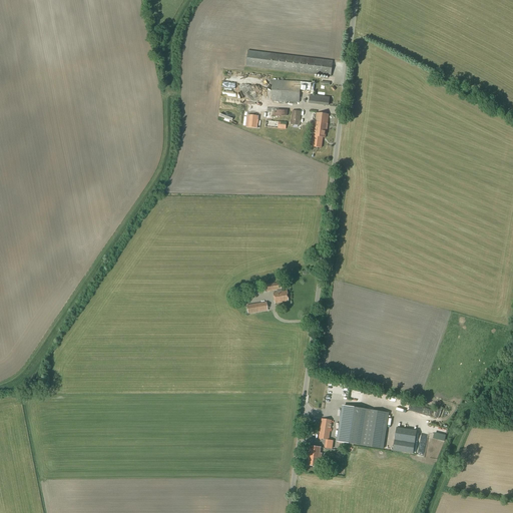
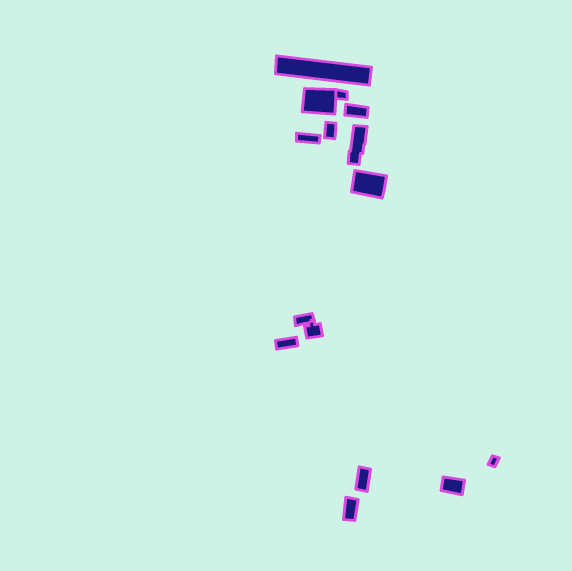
building: none -> [352,170,386,198]
building: [337,405,385,448] -> none

